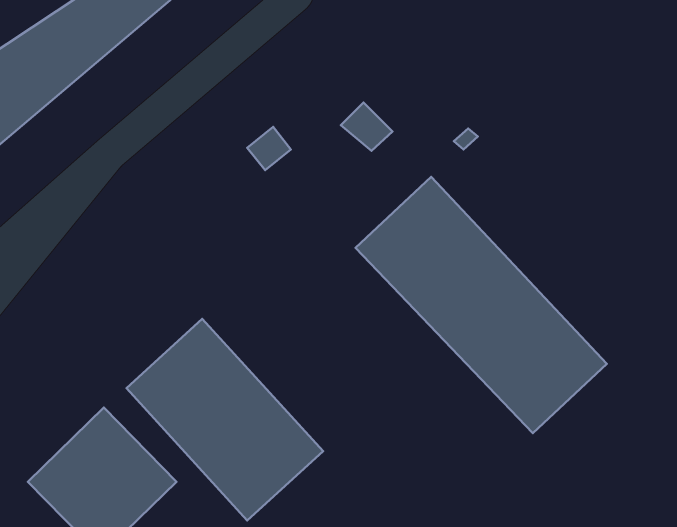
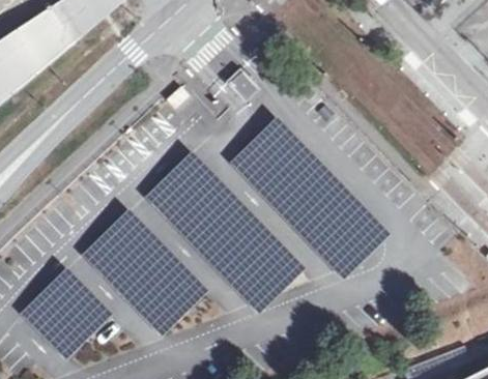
building: none -> [146,152,308,315]

